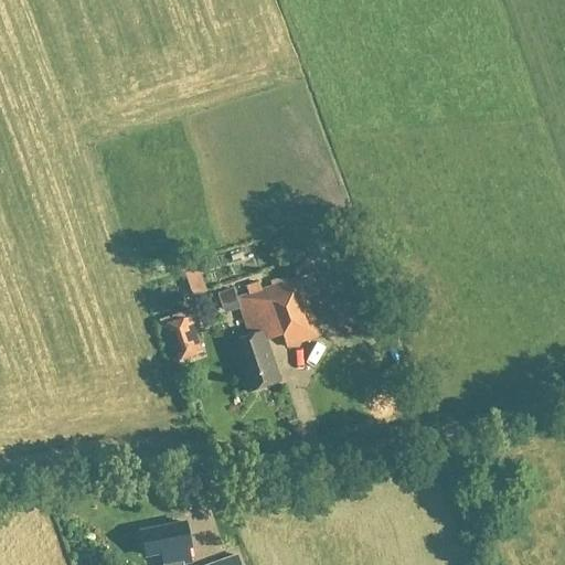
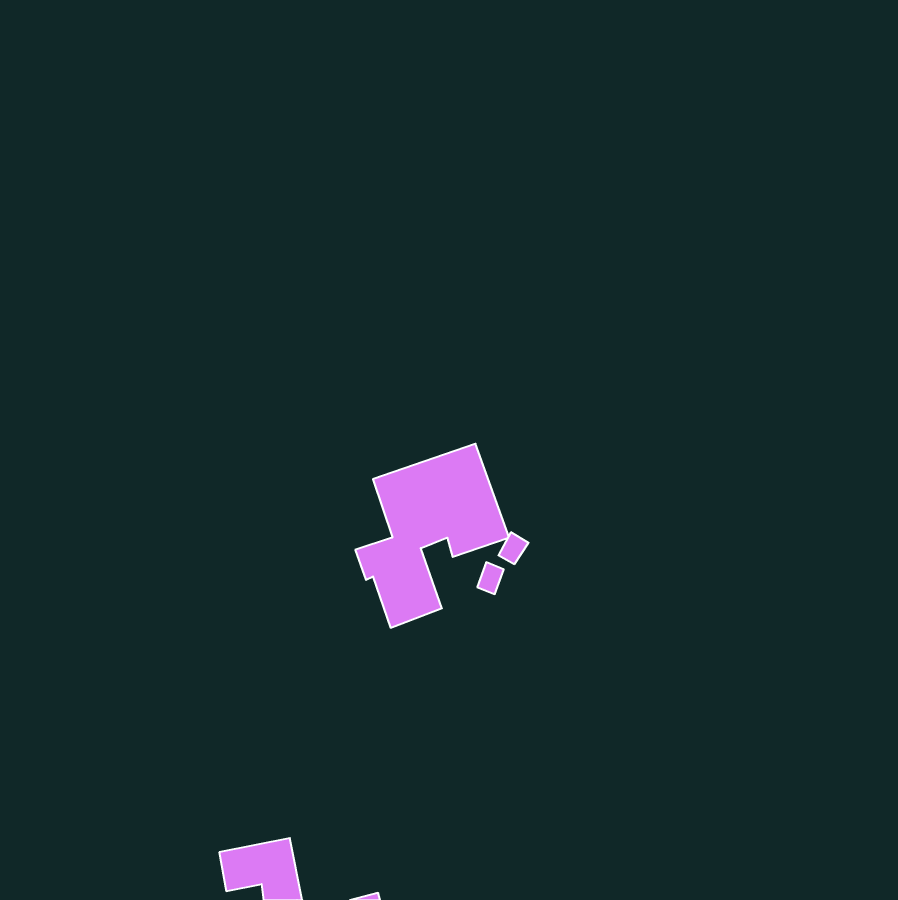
building: [162,317,203,362] -> none

